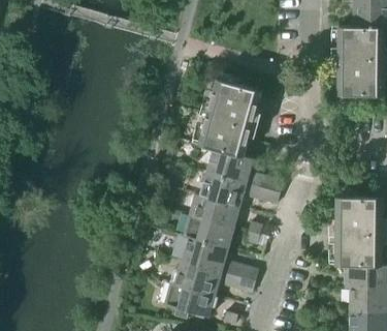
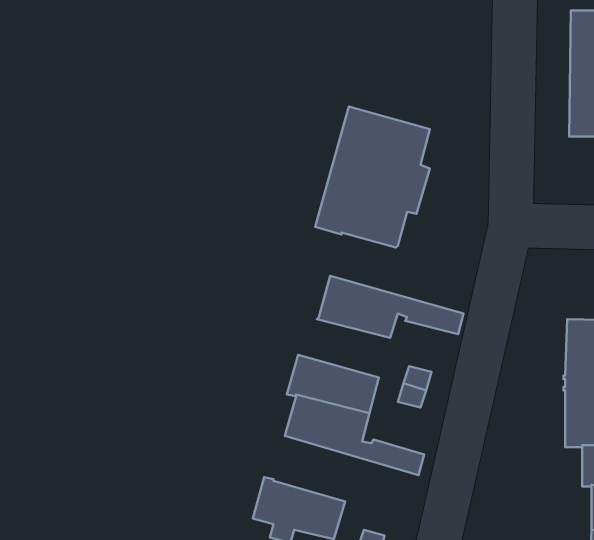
building: [206,148,283,192] -> none
building: [189,193,239,228] -> none
building: [175,260,255,296] -> none

